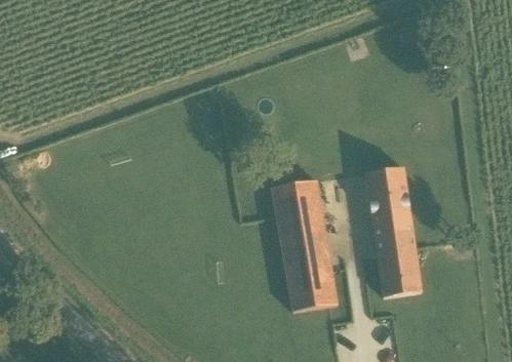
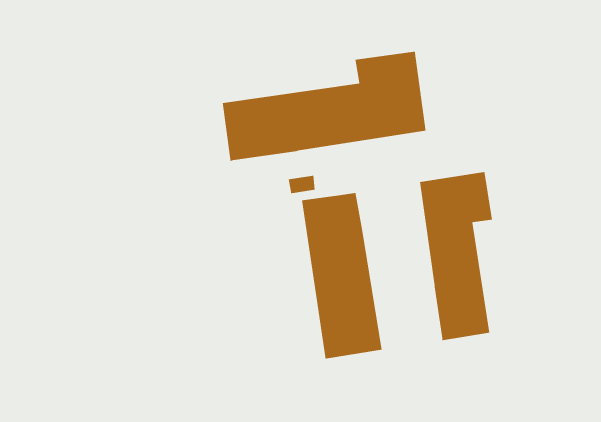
building: none -> [222,51,426,162]

